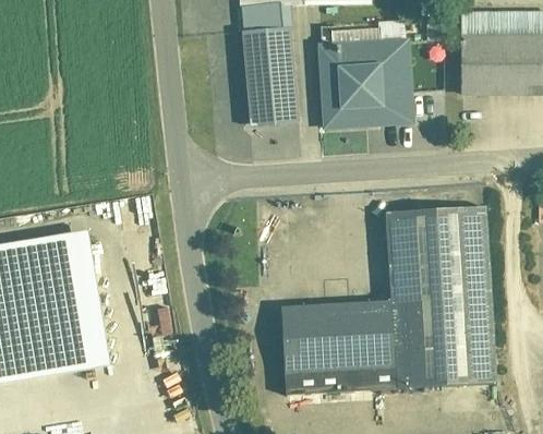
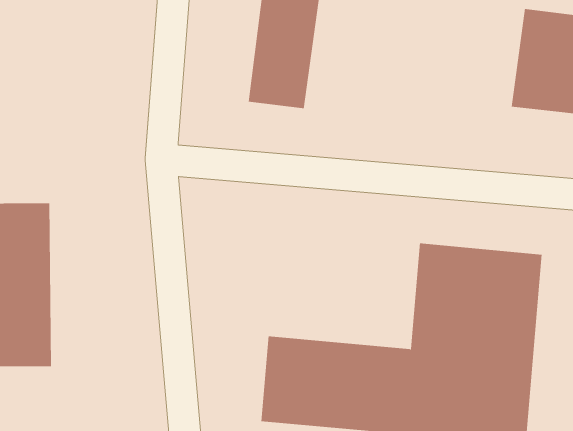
building: [318,44,402,129] -> none

